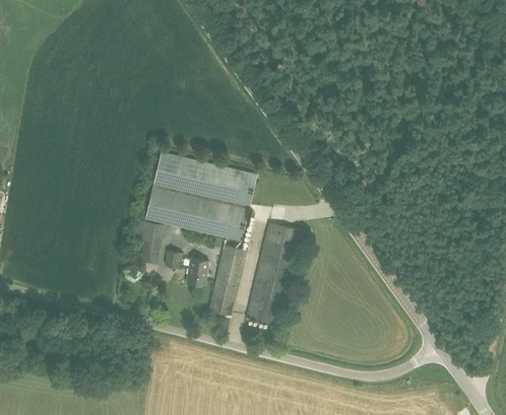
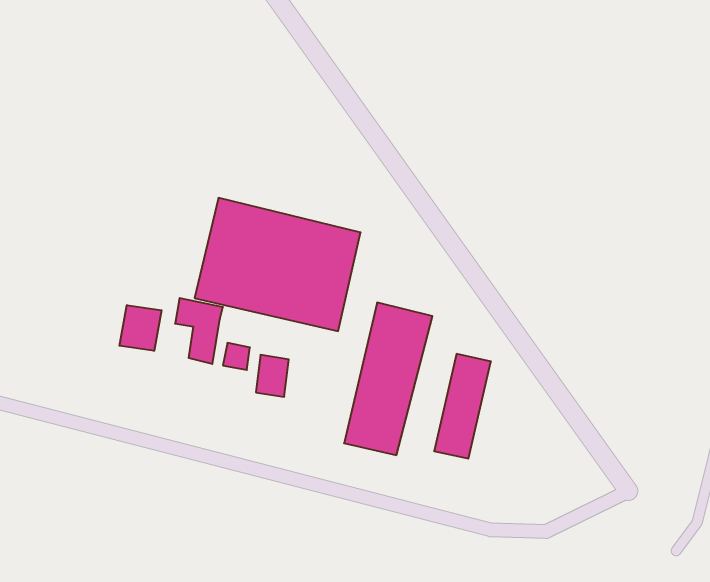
building: none -> [119,305,162,351]
building: [207,245,246,316] -> [434,354,491,459]

